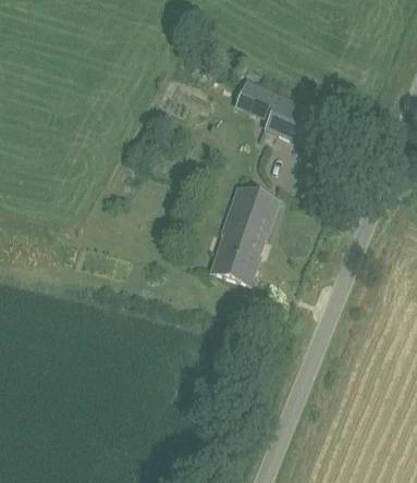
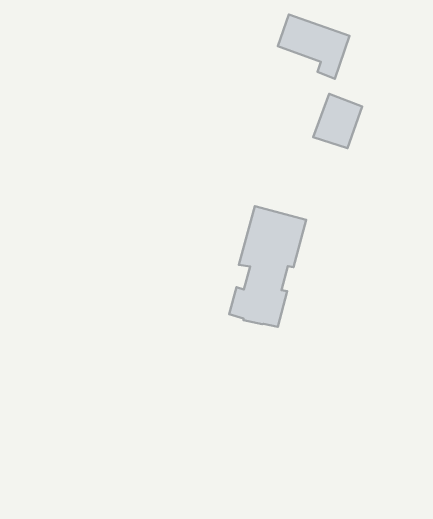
building: [236,79,293,133] -> [278,14,349,79]

